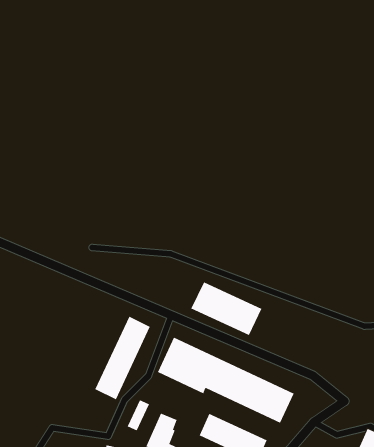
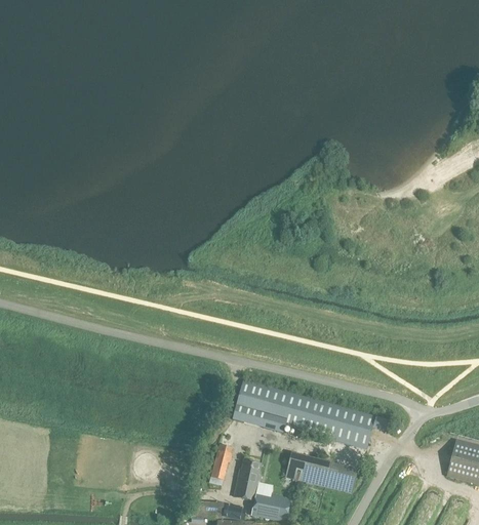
building: [191,281,262,336] -> none
building: [95,316,150,400] -> none

